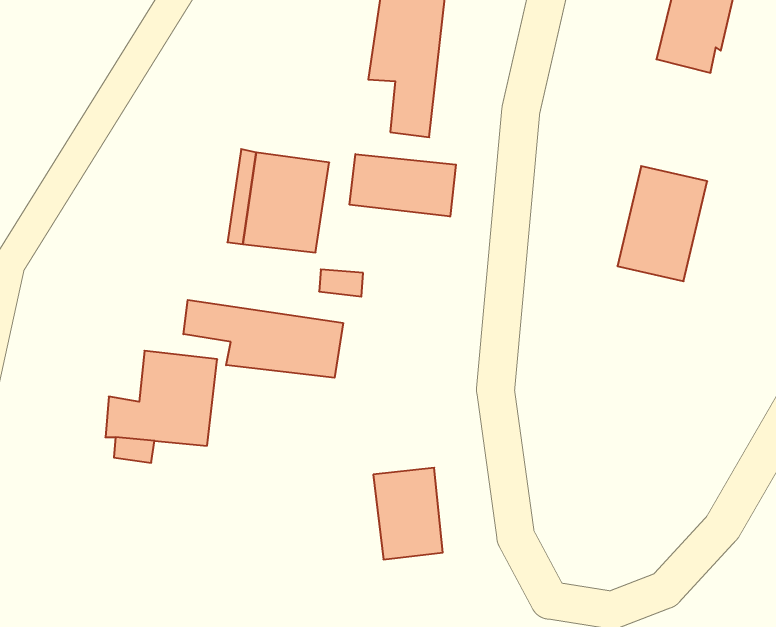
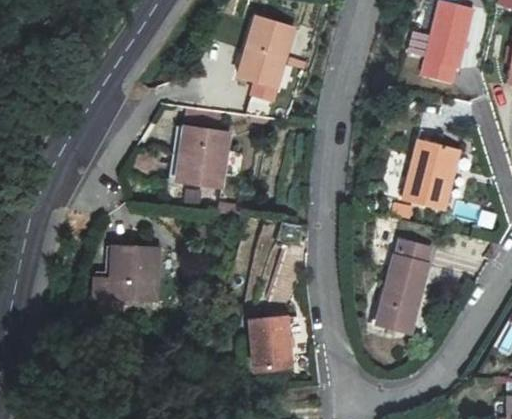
building: [350,154,456,217] -> none
building: [183,300,343,378] -> none
building: none -> [380,240,431,331]

